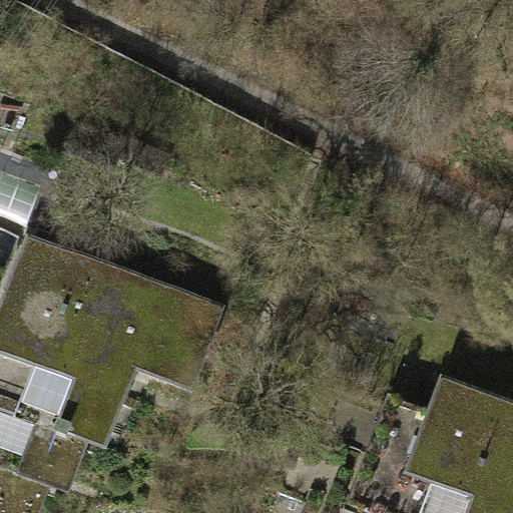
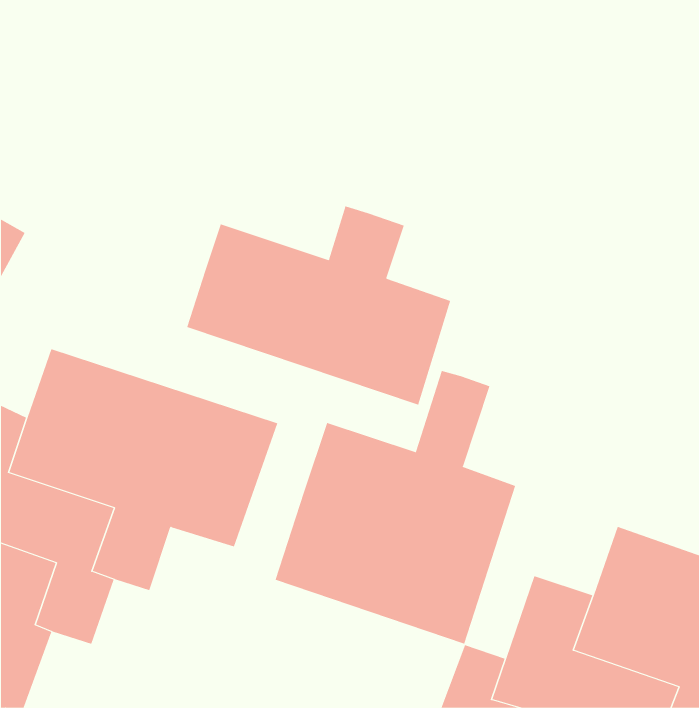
building: none -> [187,206,451,406]
building: none -> [275,370,516,645]

